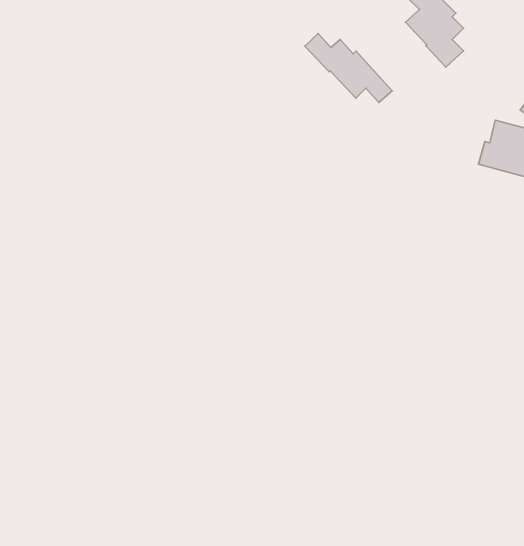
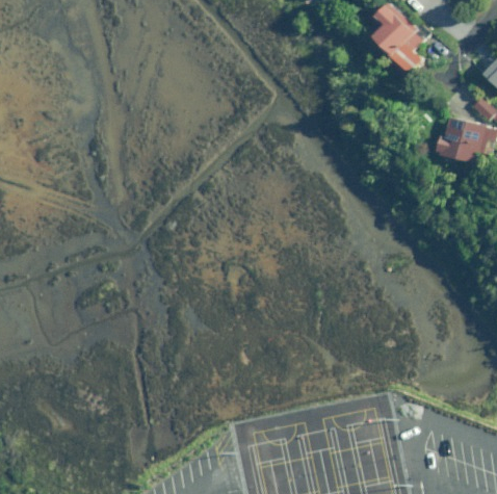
building: [305,33,392,102] -> none

